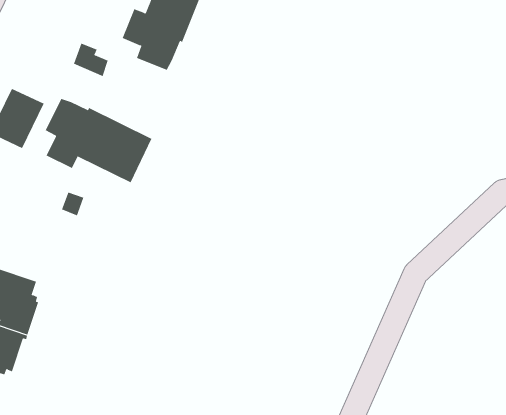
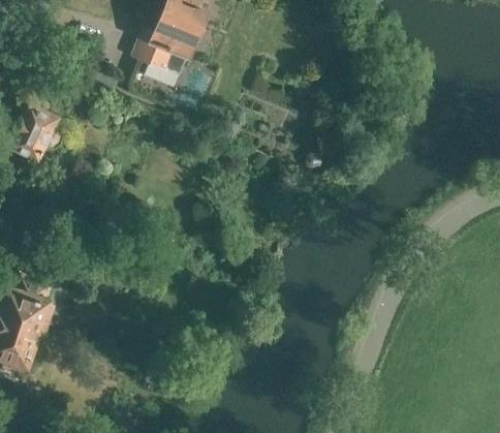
building: [45,98,152,183] -> none

